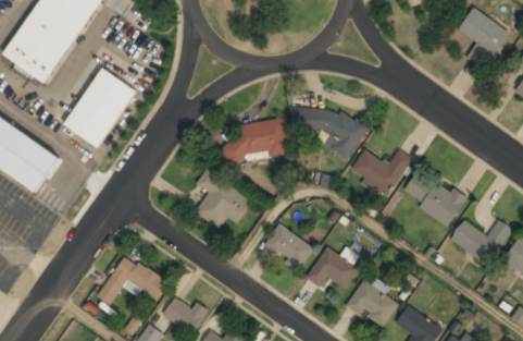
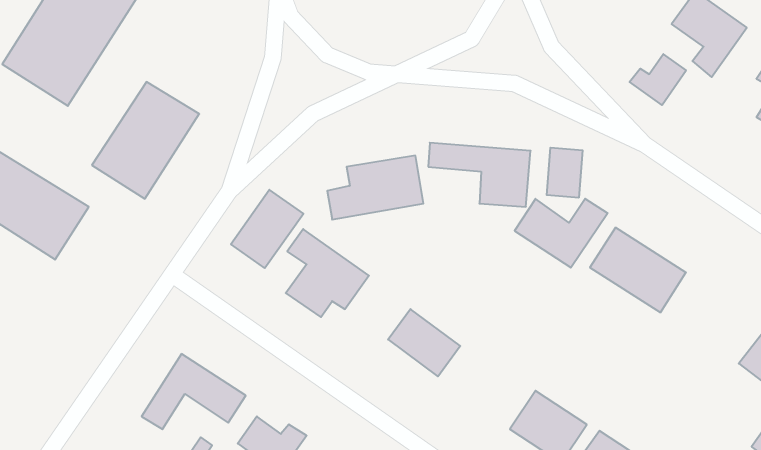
building: none -> [630,54,686,105]
building: none -> [547,148,583,198]
building: none -> [231,190,303,268]
building: [449,220,512,266] -> none
building: [306,247,359,290] -> none

